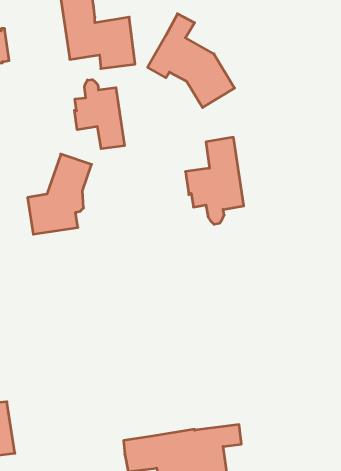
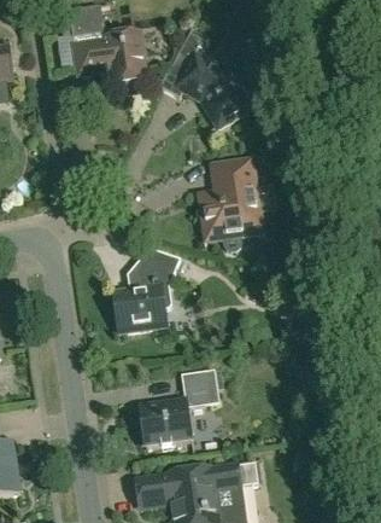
building: [74,80,124,149] -> none
building: [28,154,92,234] -> [113,246,181,331]
building: none -> [139,367,222,447]

